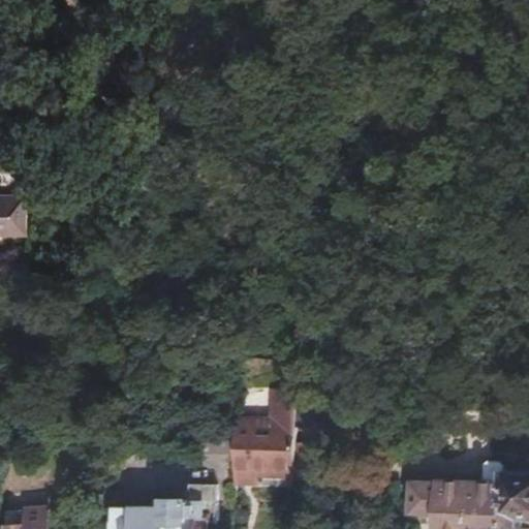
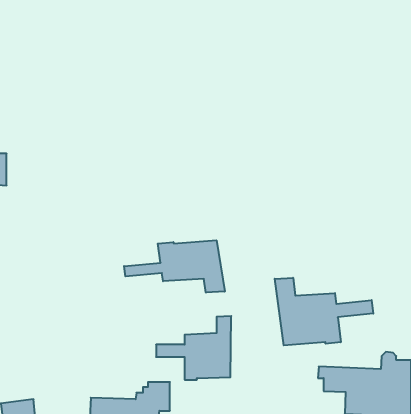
building: none -> [124,240,225,293]
building: none -> [275,278,373,345]

